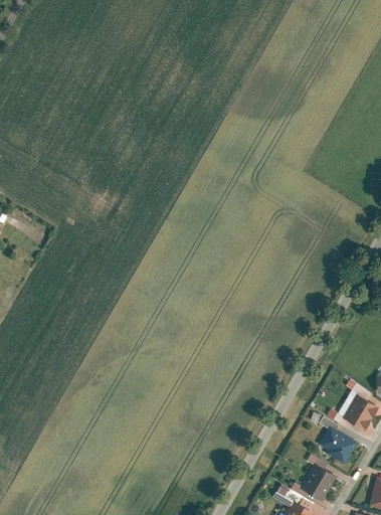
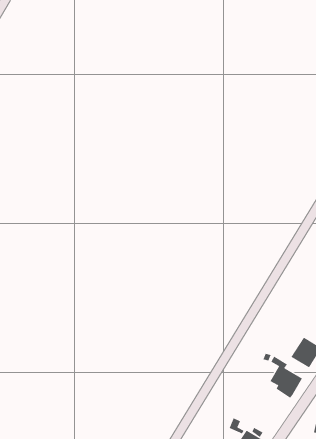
building: [301,454,337,500] -> none

